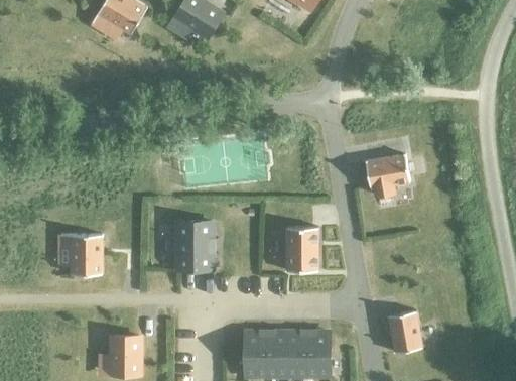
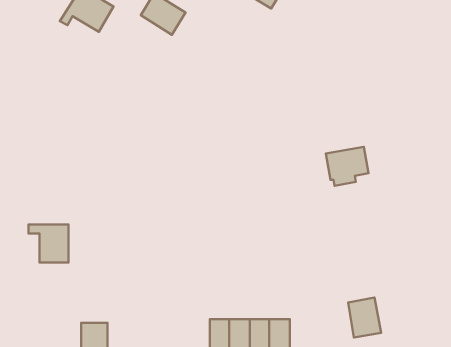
building: [176,221,212,268] -> none
building: [286,226,318,270] -> none

